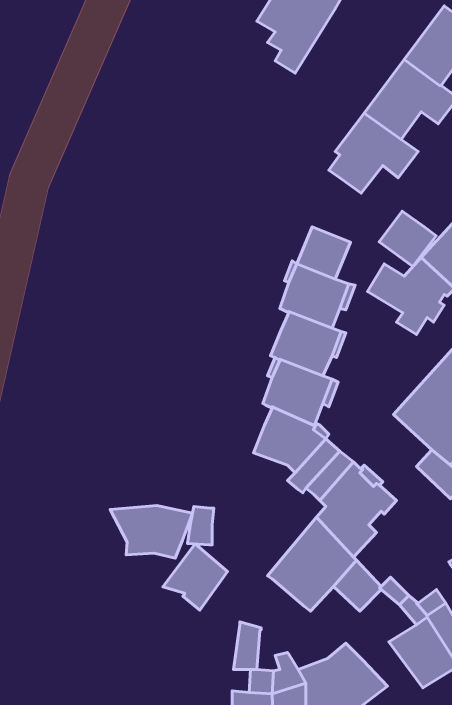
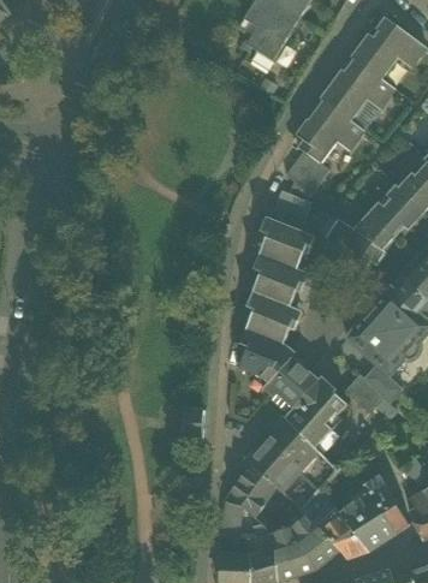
building: [379,211,436,267] -> [286,151,331,195]
building: none -> [345,373,385,414]
building: [110,506,193,558] -> none
building: [163,544,227,610] -> [226,465,277,517]
building: none -> [322,514,369,558]

